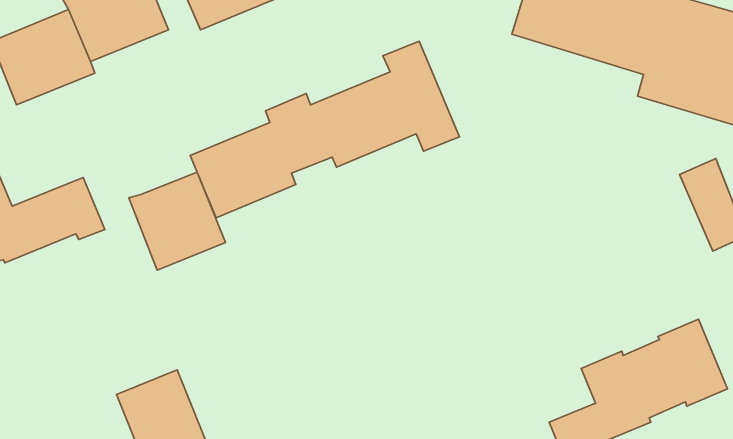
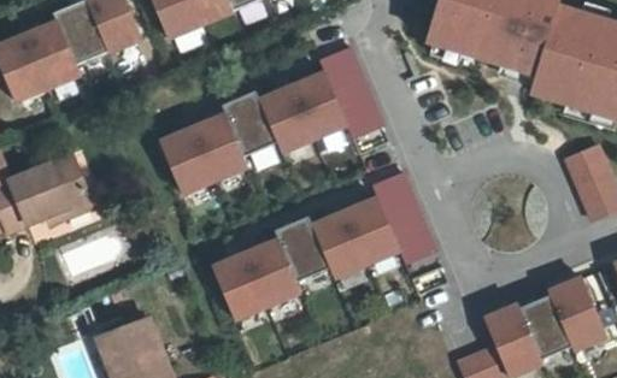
building: [129,172,226,270] -> none
building: none -> [213,171,437,319]

